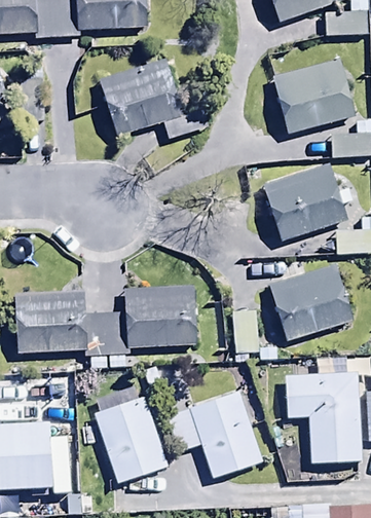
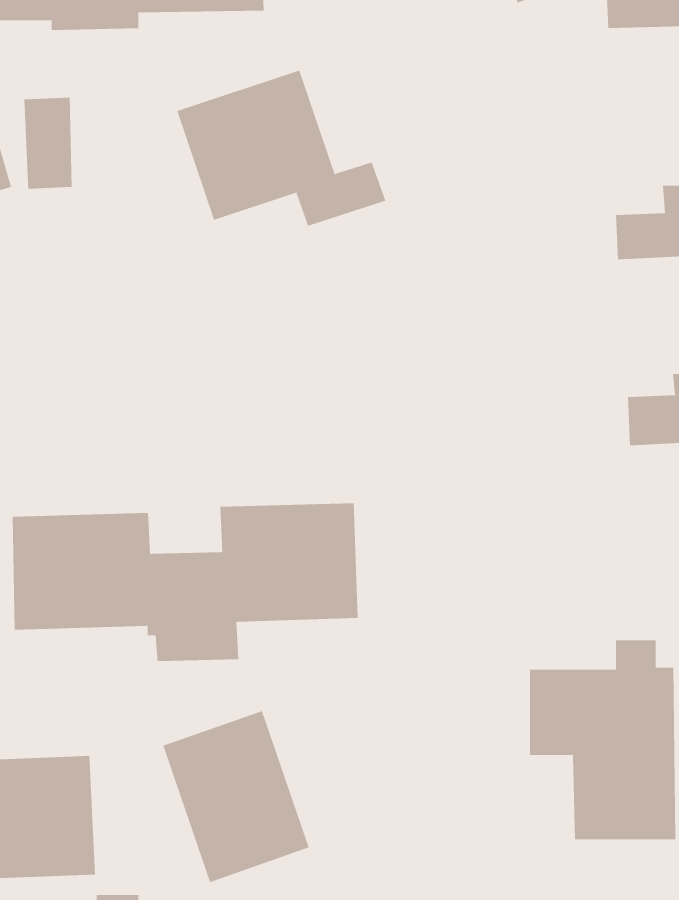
building: [271,57,354,134] -> none
building: [263,164,345,240] -> none
building: [268,263,354,341] -> none
building: [160,388,262,478] -> none

